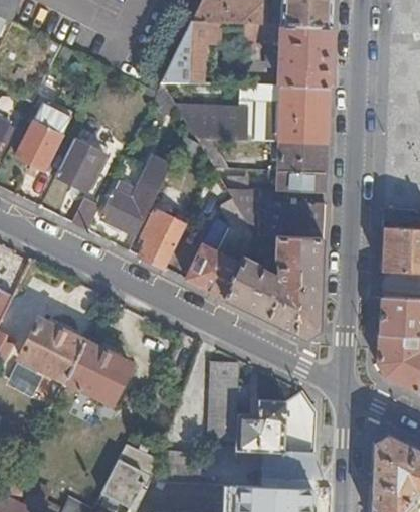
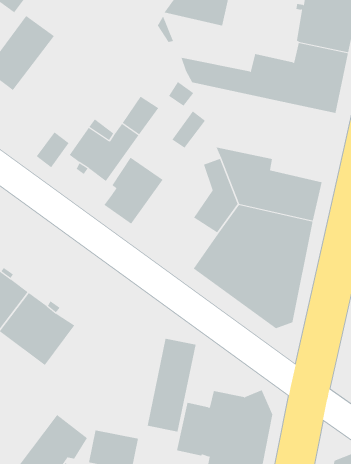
building: [55,139,104,191] -> none
building: [268,141,326,193] -> none
building: [186,246,240,298] -> none

